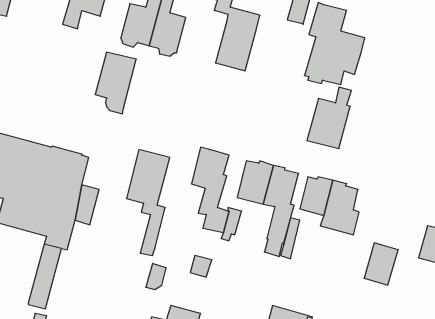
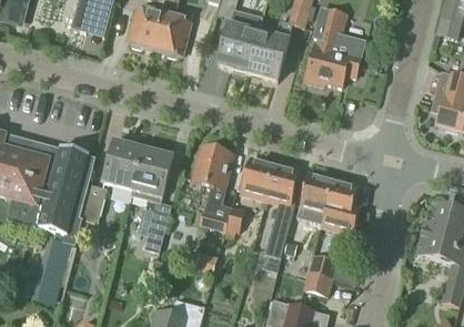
building: [95,52,136,114] -> [105,142,145,202]
building: [307,87,351,149] -> [249,20,292,80]
building: [364,243,398,285] -> [304,255,337,296]

